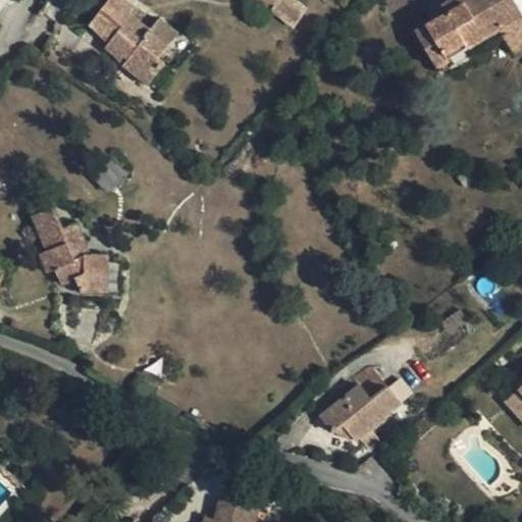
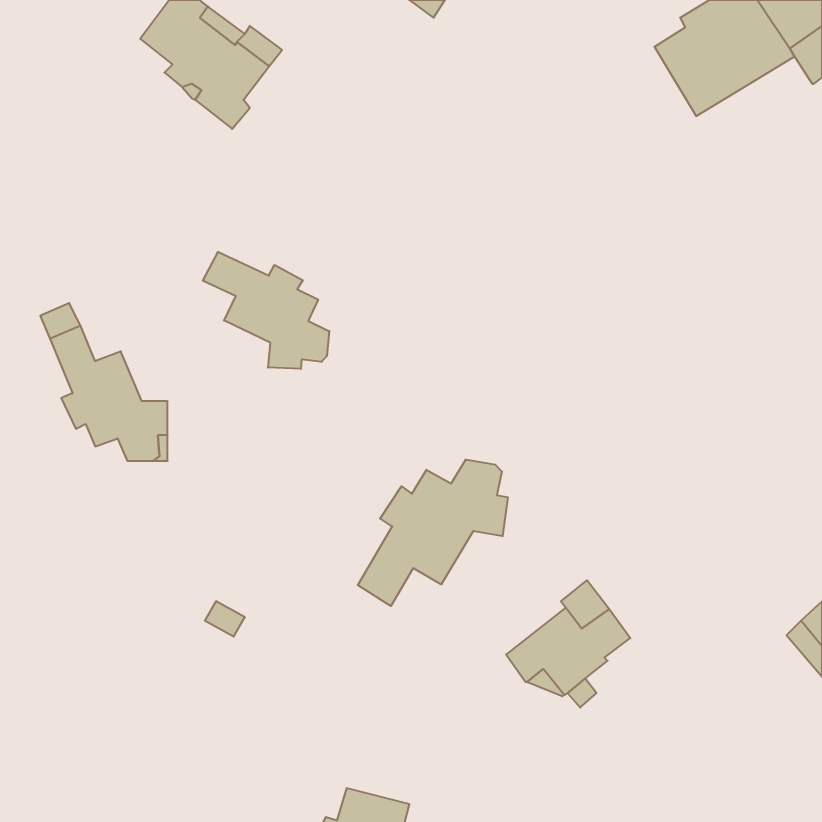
building: none -> [203,252,329,369]
building: none -> [358,459,508,606]

